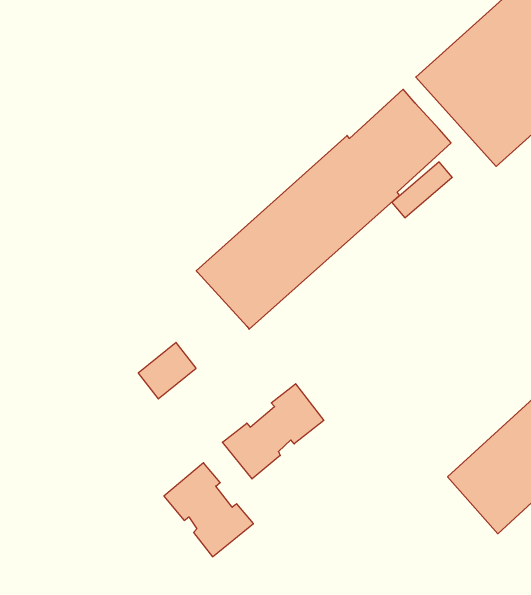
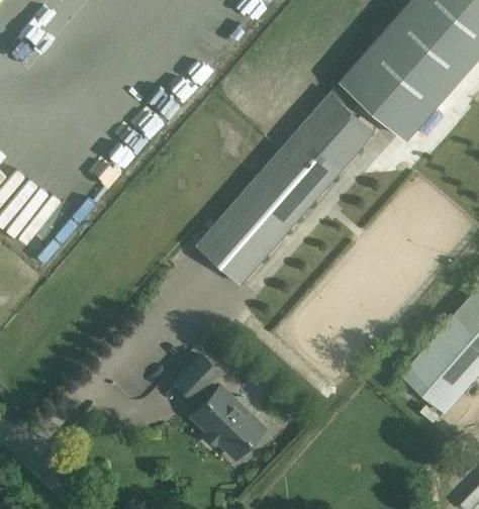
building: [138,342,196,399] -> [175,355,217,399]
building: [222,384,324,479] -> none

